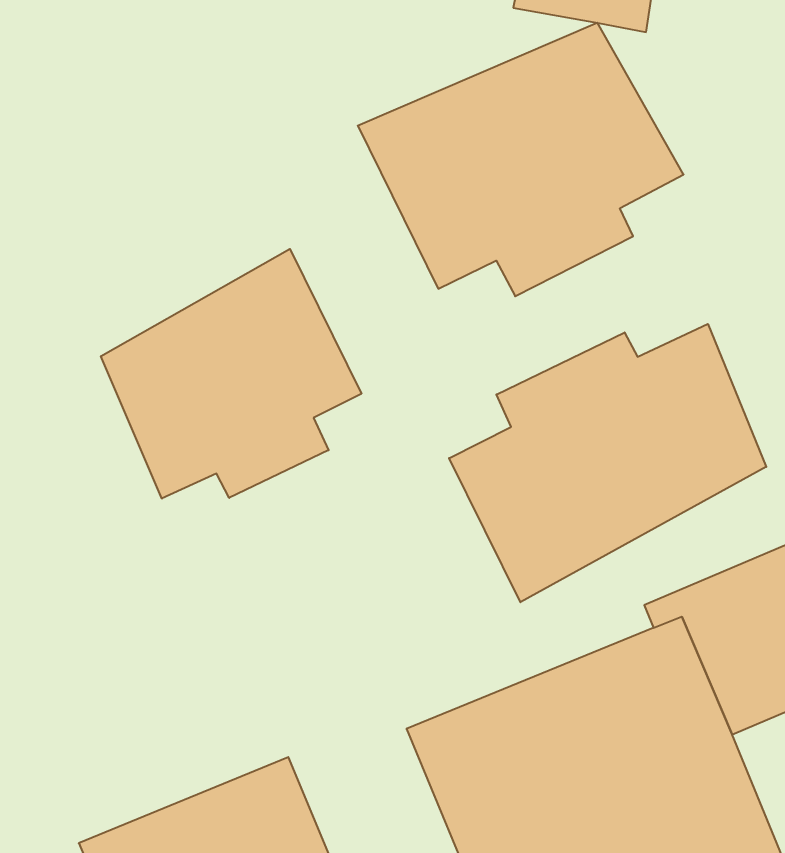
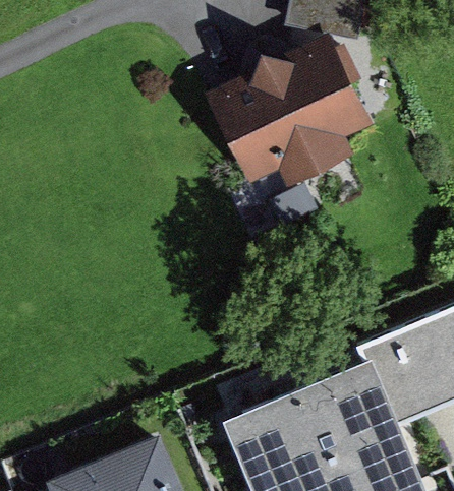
building: [101,249,361,499] -> none
building: [449,324,766,602] -> none

